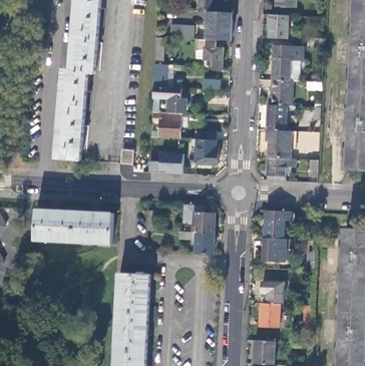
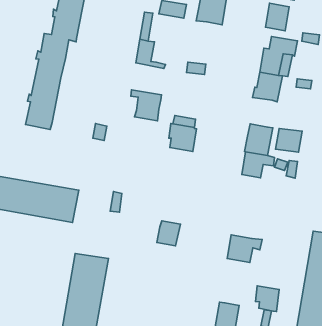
building: [194,38,223,67] -> none
building: [151,86,186,113] -> none
building: [266,105,286,131] -> none
building: [148,152,182,173] -> none
building: [263,211,290,239] -> none
building: [192,213,214,234] -> none
building: [261,282,282,304] -> [255,286,279,311]

